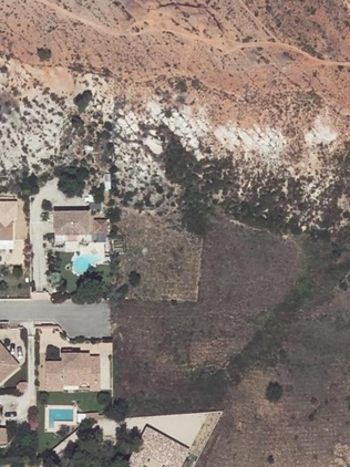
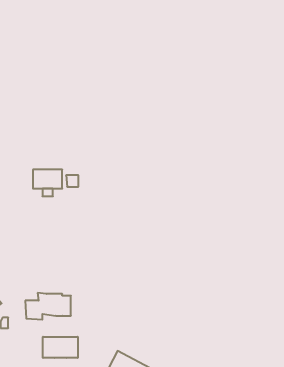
building: none -> [43,337,78,358]

